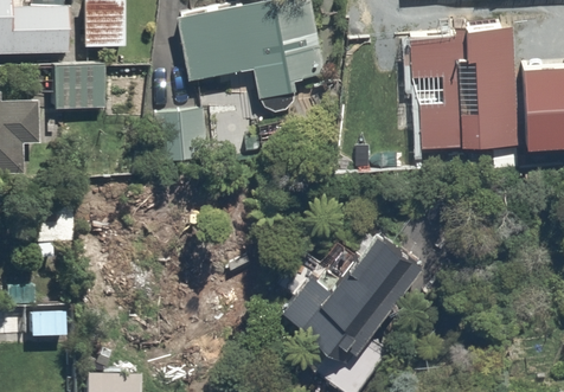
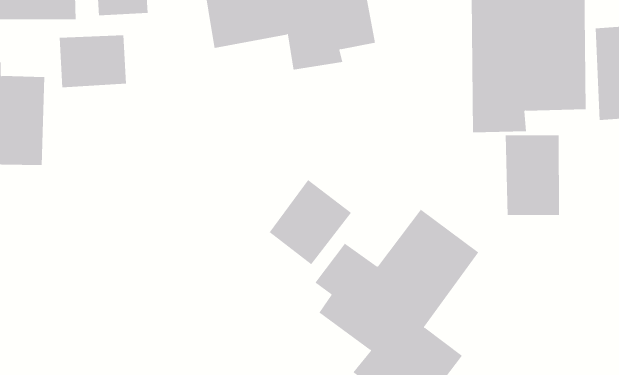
building: none -> [505,134,559,216]
building: none -> [269,179,352,265]

